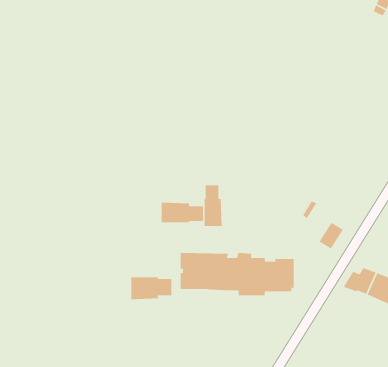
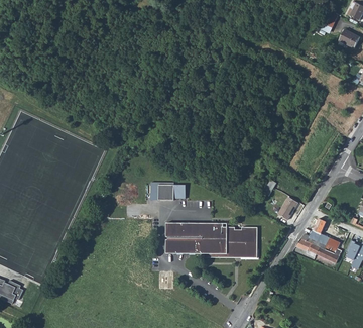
building: [204,185,223,227] -> none
building: [130,277,172,300] -> none

